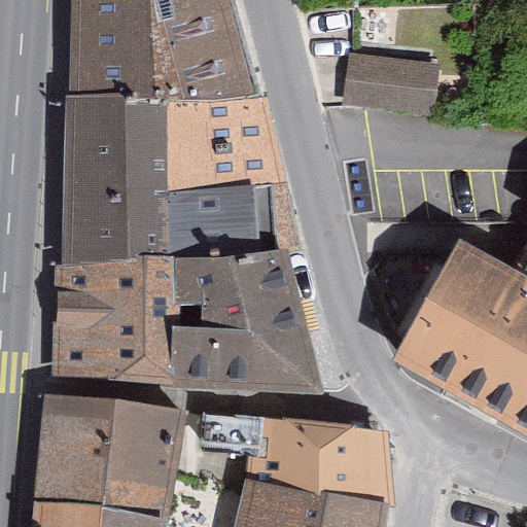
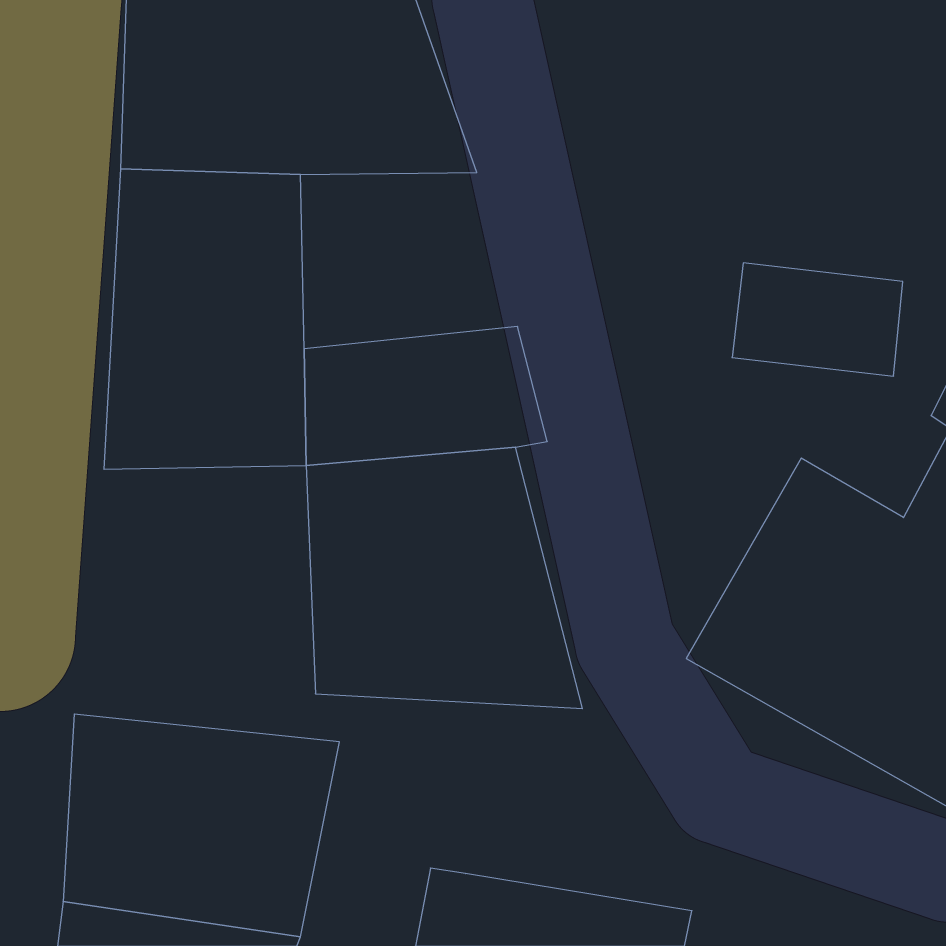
building: [338,56,432,118] -> [732,263,903,376]
building: [168,96,288,194] -> none
building: [56,258,176,385] -> none
building: [259,414,388,505] -> none

